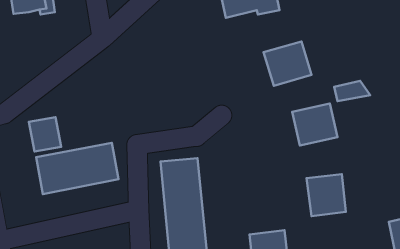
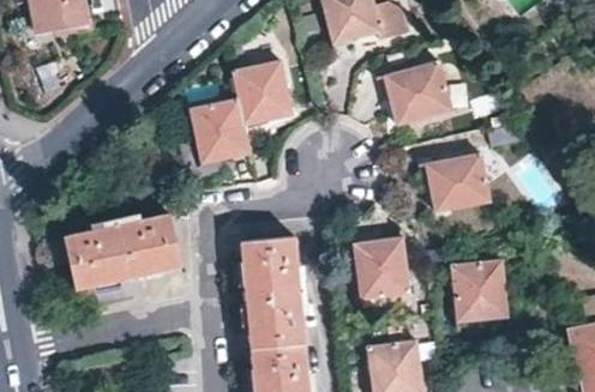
building: none -> [190,54,290,163]
building: [29,117,61,152] -> none
building: none -> [356,237,414,297]

